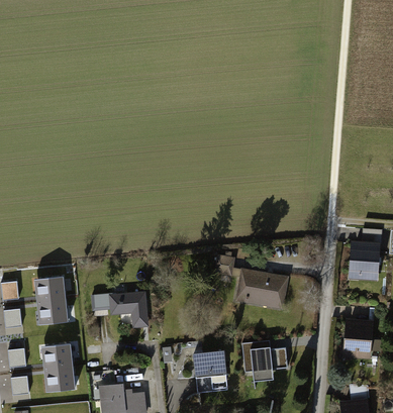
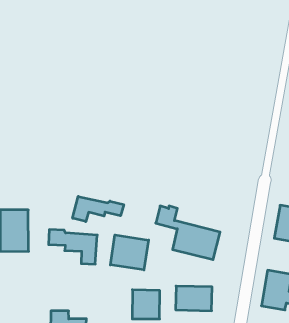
building: none -> [73,196,124,222]
building: none -> [110,235,149,270]
building: [47,342,78,392] -> none

